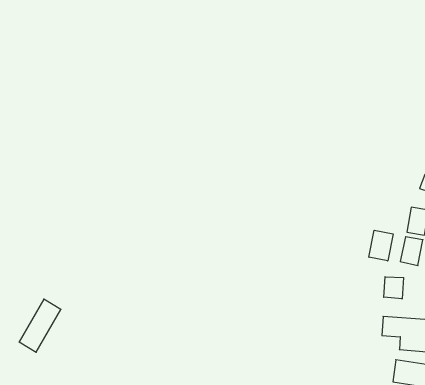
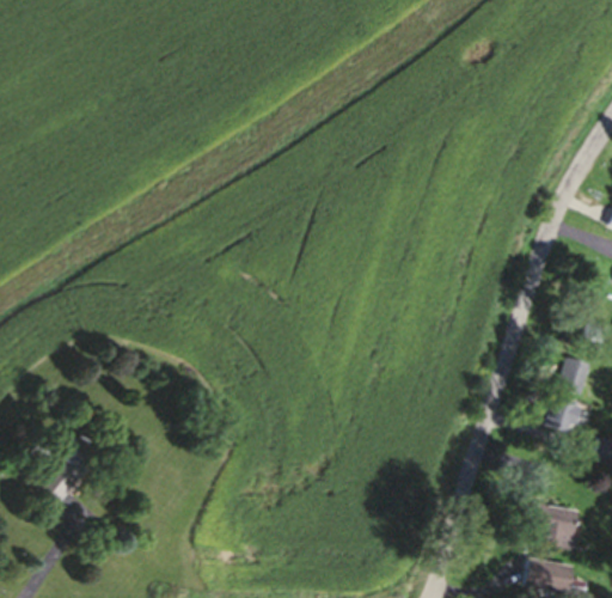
building: [369,230,393,261] -> none
building: [384,277,404,299] -> none

